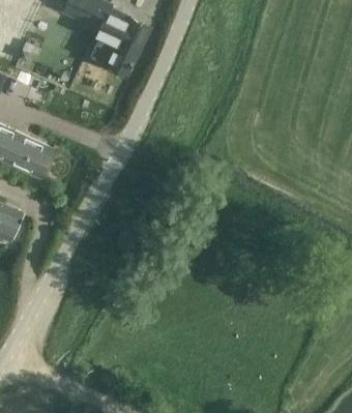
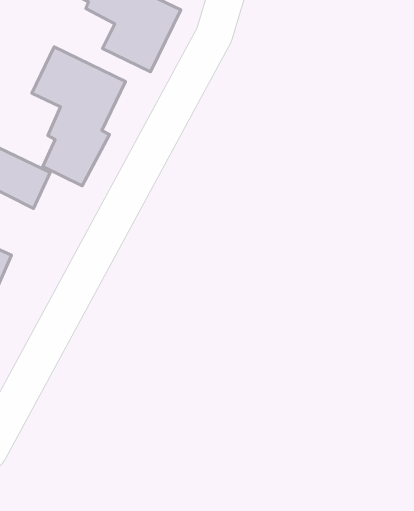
building: none -> [32,47,126,186]

